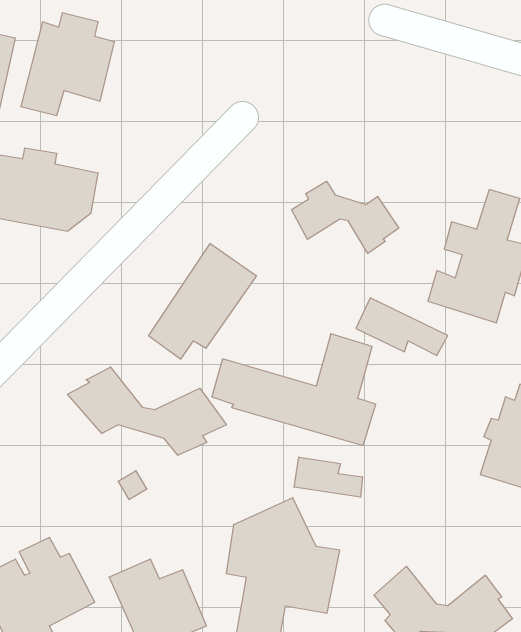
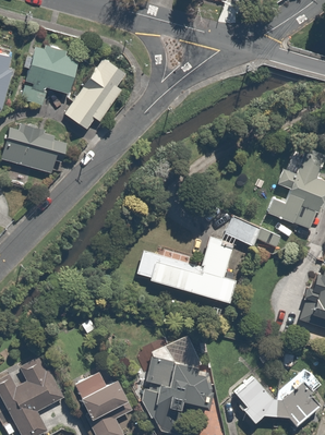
building: [291,181,399,253] -> none
building: [149,244,257,359] -> [65,58,131,128]
building: [68,367,226,455] -> none
building: [294,457,363,497] -> none

